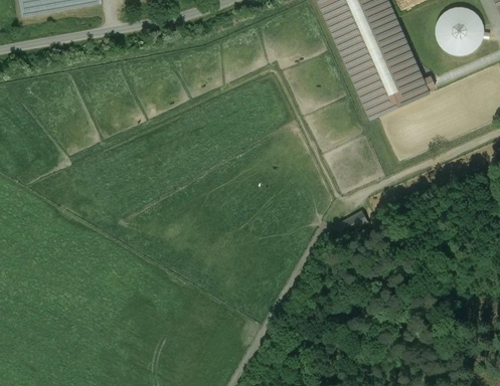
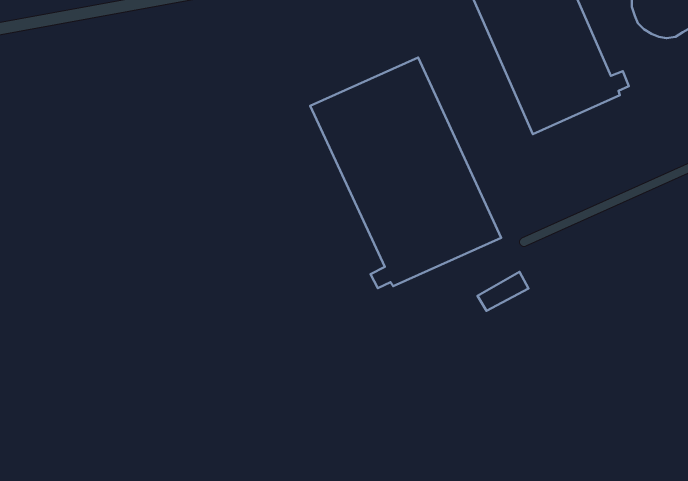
building: none -> [310,57,501,288]

